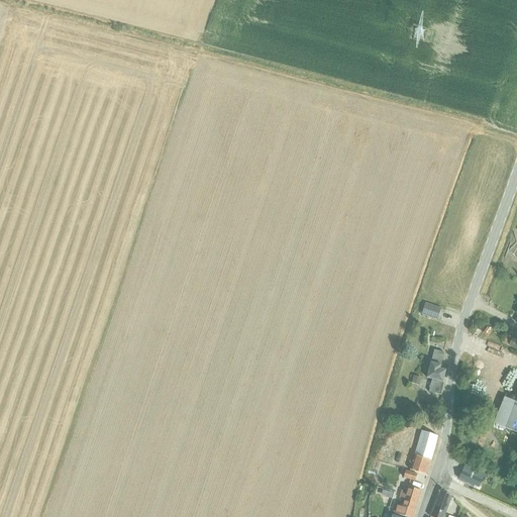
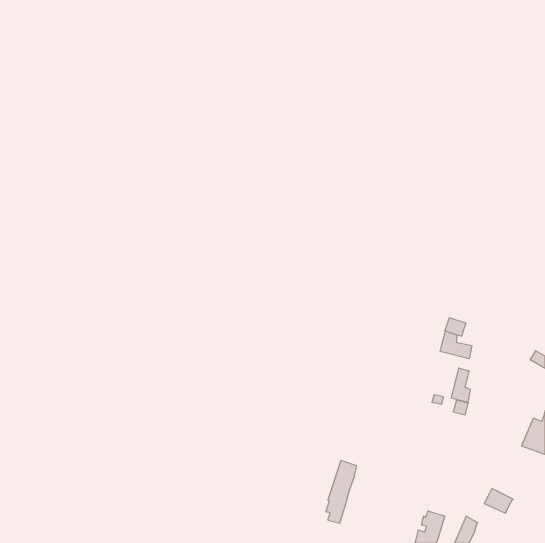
building: none -> [440,331,472,359]
building: [408,429,437,489] -> [326,460,357,523]

